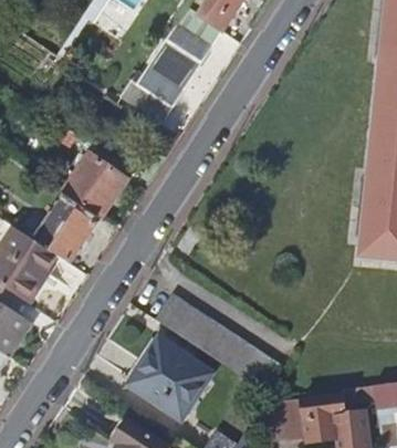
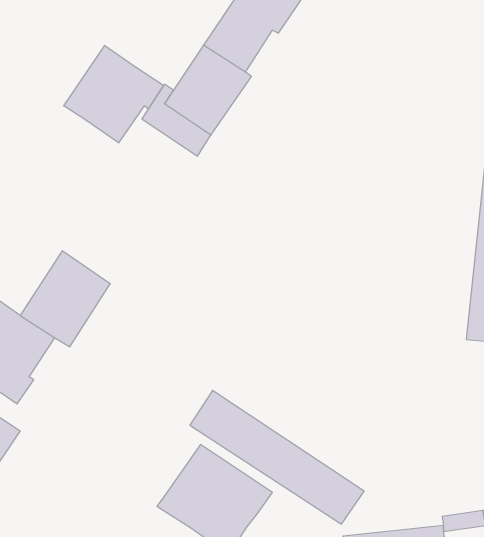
building: none -> [64,45,164,143]
building: [64,154,125,216] -> none

